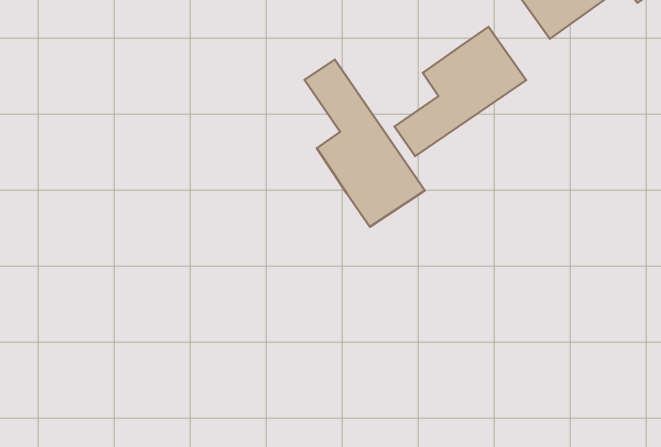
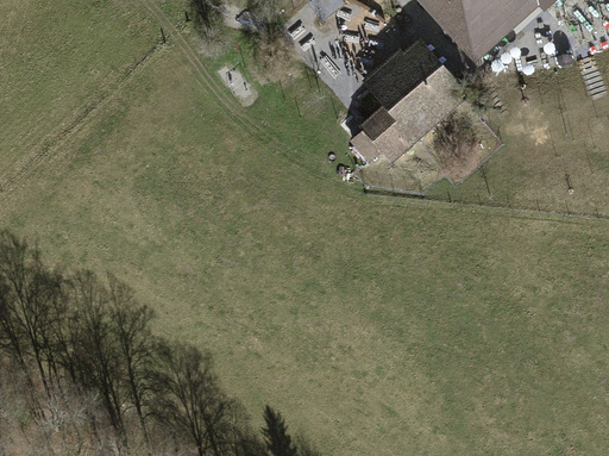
building: [305,59,425,227] -> none

